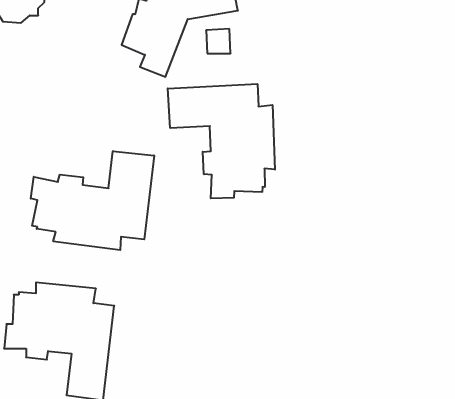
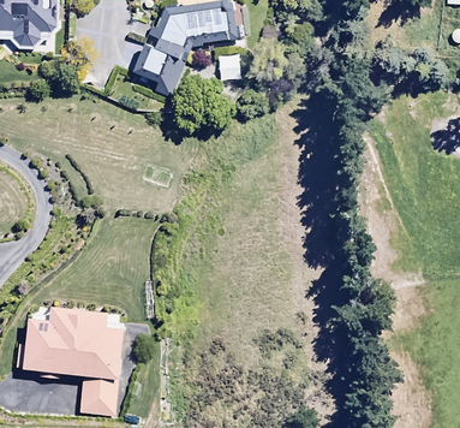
building: [168,84,275,198] -> none
building: [31,151,154,250] -> none

